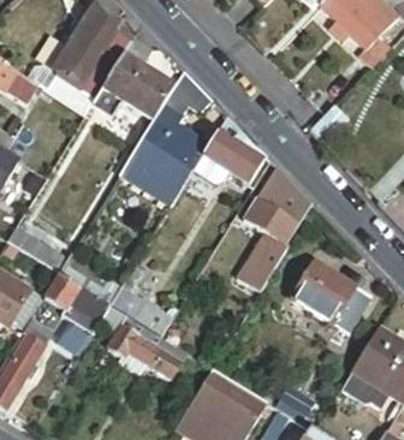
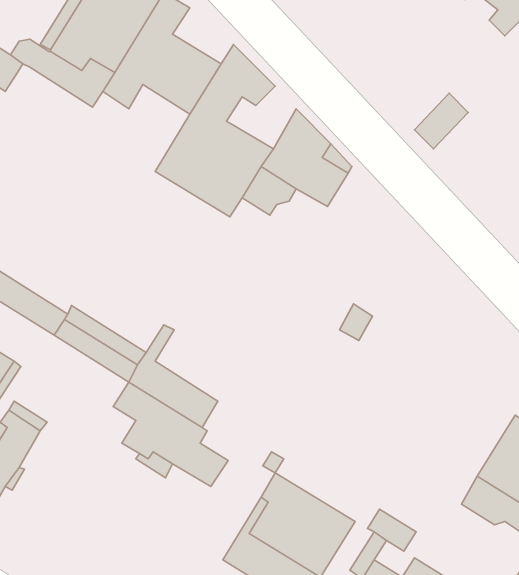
building: [244,185,309,249] -> none
building: [291,261,370,333] -> none
building: [44,273,111,333] -> none

